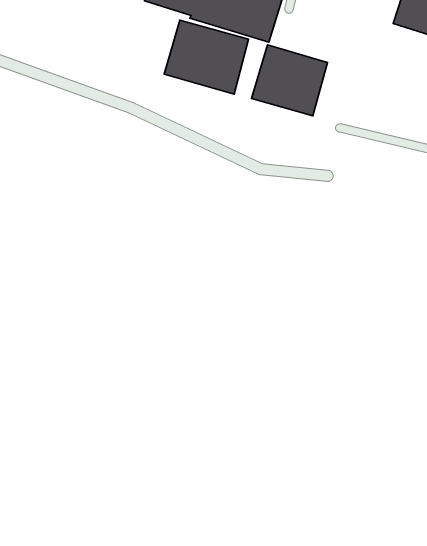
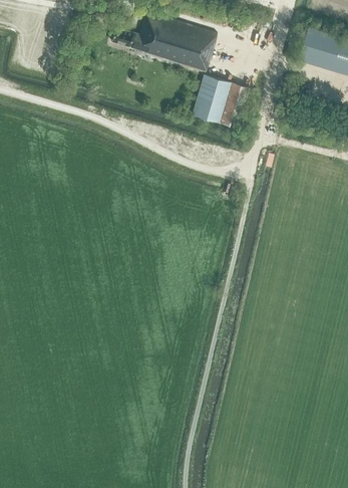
building: [164,20,249,94] -> none

